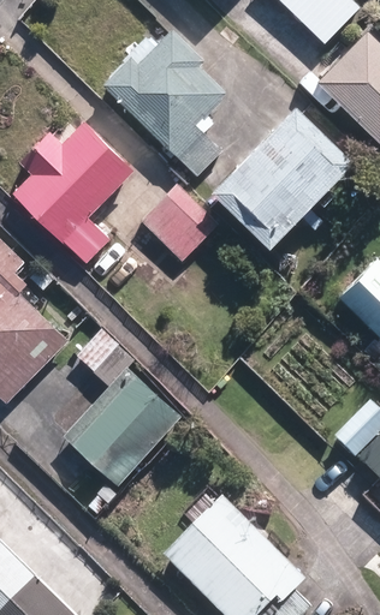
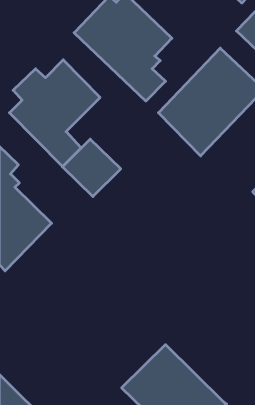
building: [141,184,219,261] -> [62,139,121,197]
building: [63,328,183,485] -> none

